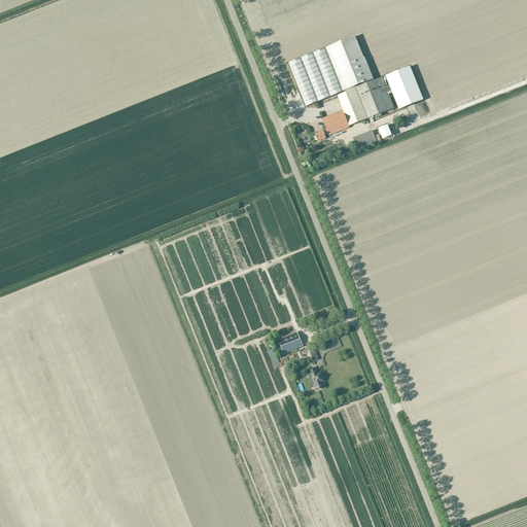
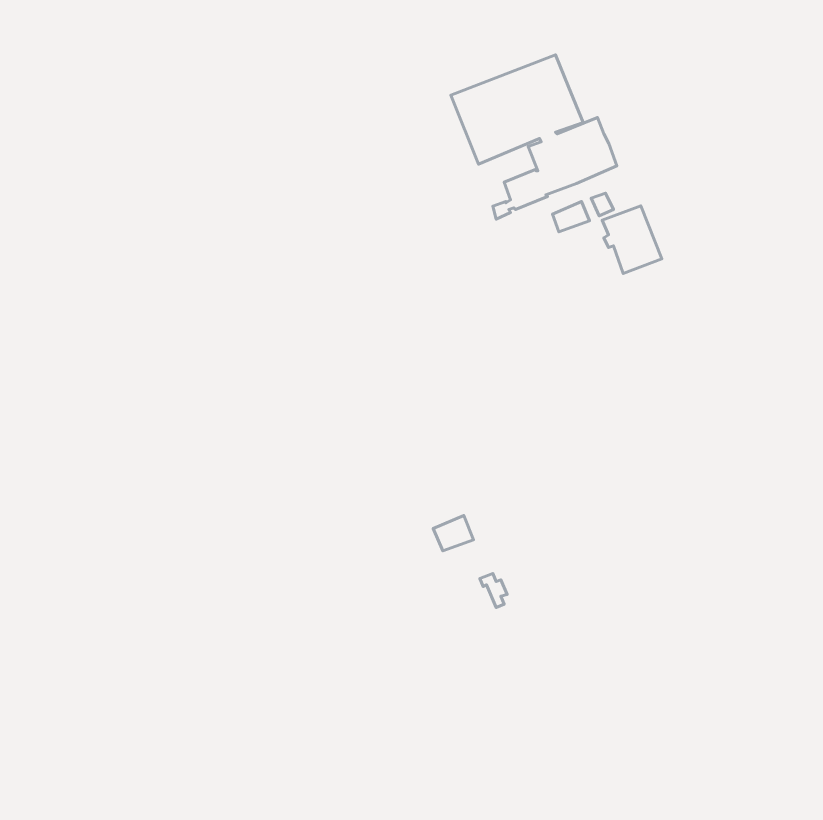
building: [385,65,423,108] -> [602,206,662,273]

